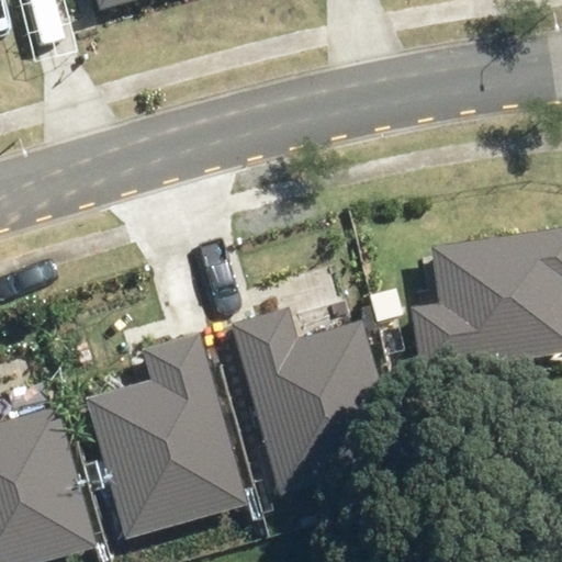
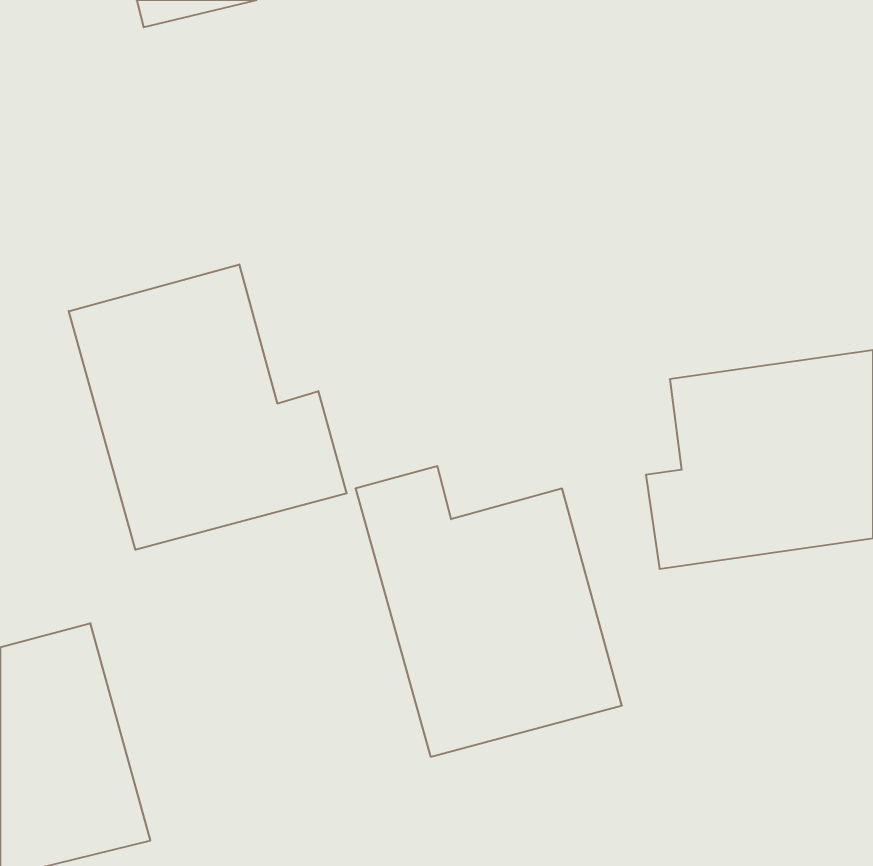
building: none -> [69,264,347,550]
building: [83,331,245,537] -> none

